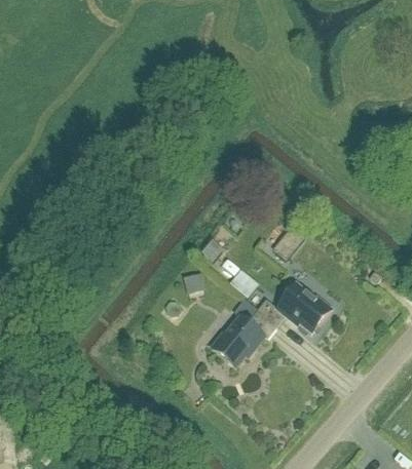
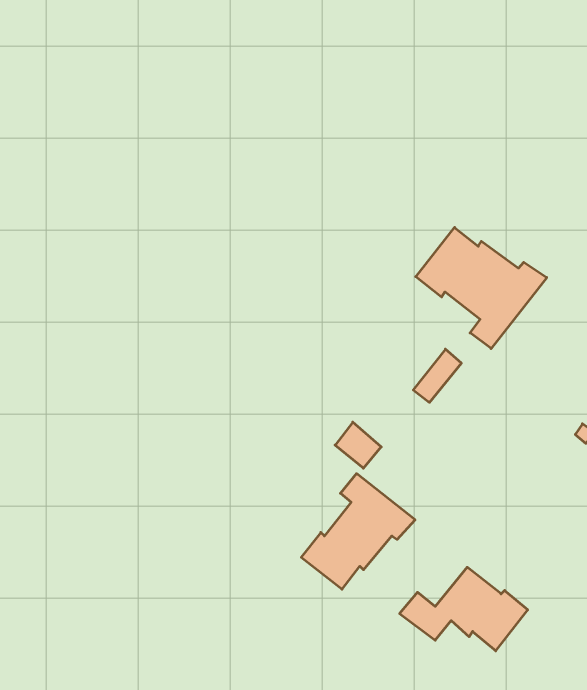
building: none -> [416,227,547,349]
building: [256,283,330,331] -> [400,567,528,651]

